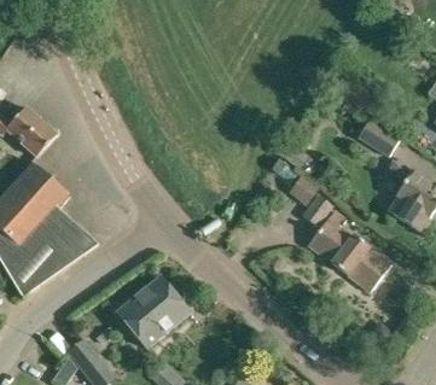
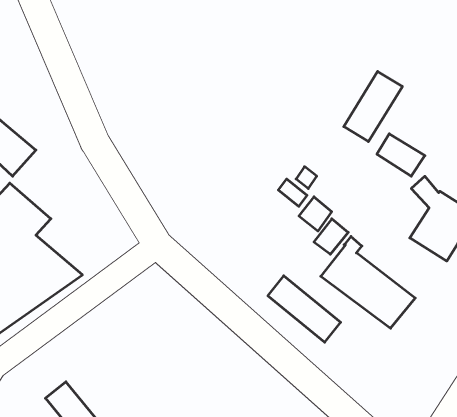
building: none -> [344,71,402,142]
building: none -> [268,276,341,342]
building: [117,276,188,348] -> none

